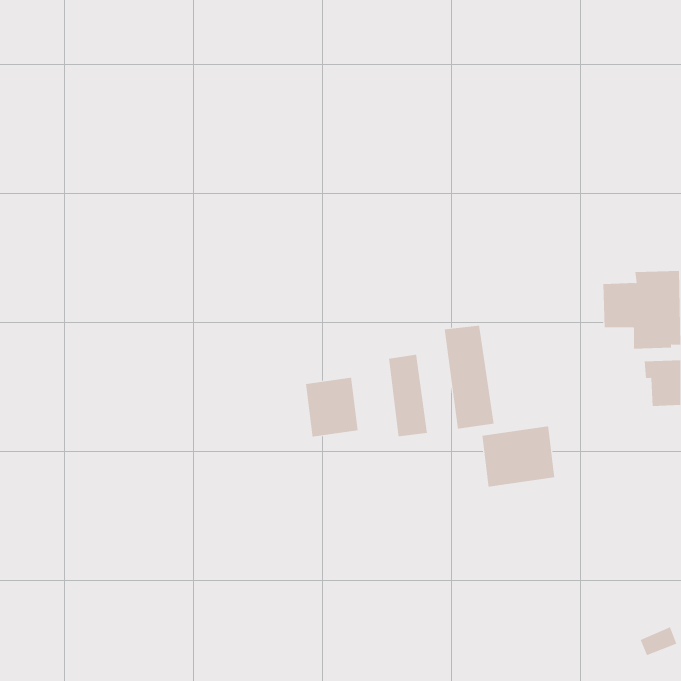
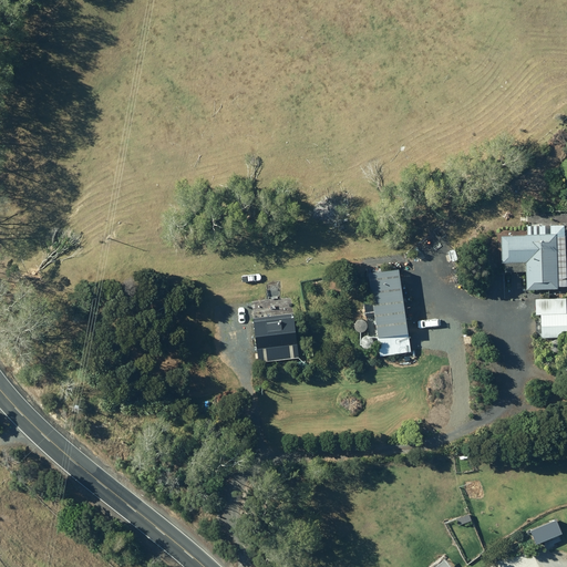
building: [389,354,427,437] -> none
building: [482,426,555,487] -> none

